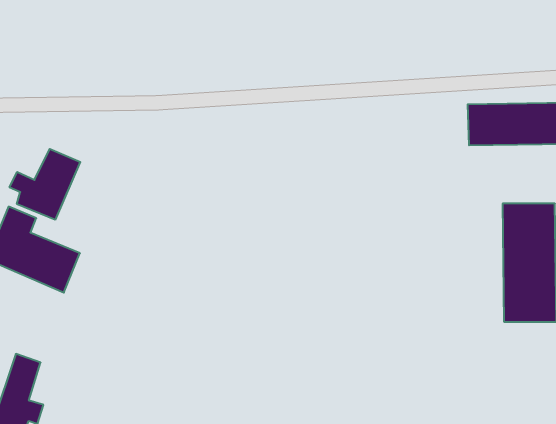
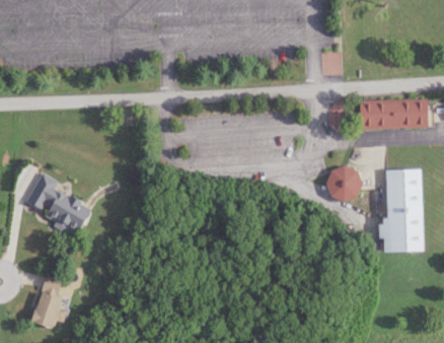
building: [10,149,80,220] -> none
building: none -> [327,166,361,201]

